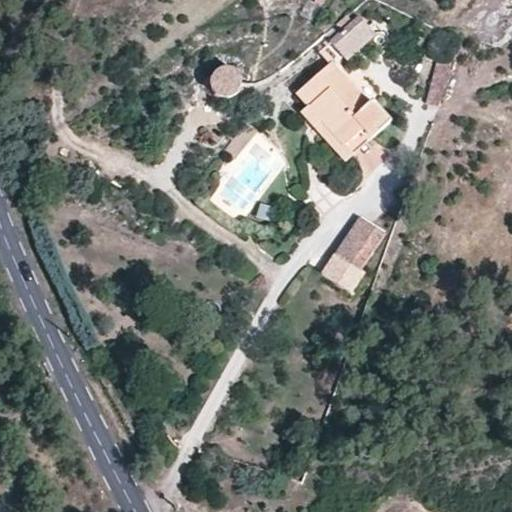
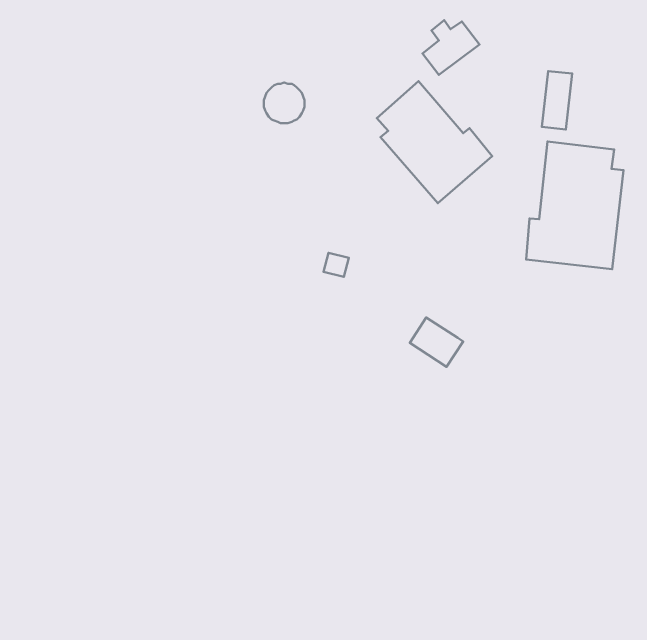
building: none -> [526,142,623,269]
building: [336,215,384,266] -> none

